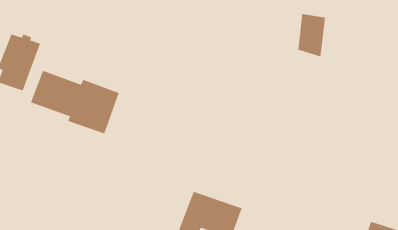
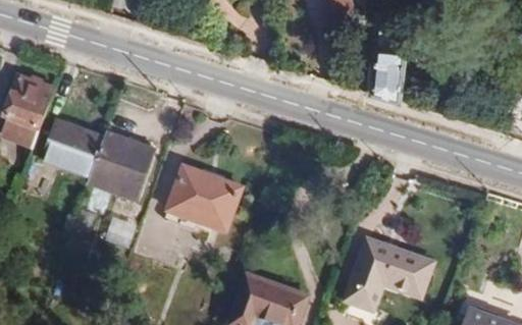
building: none -> [166,164,243,231]
building: none -> [344,236,434,310]

